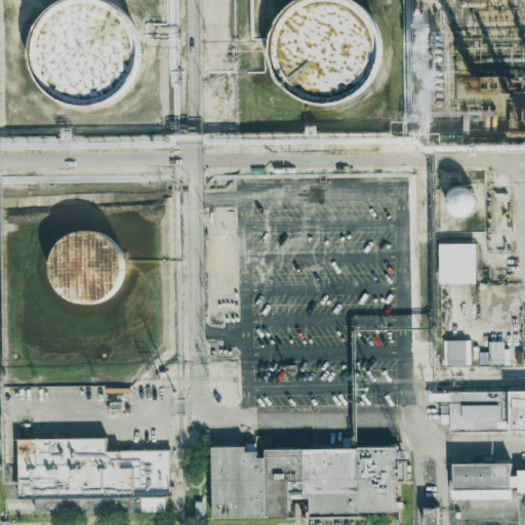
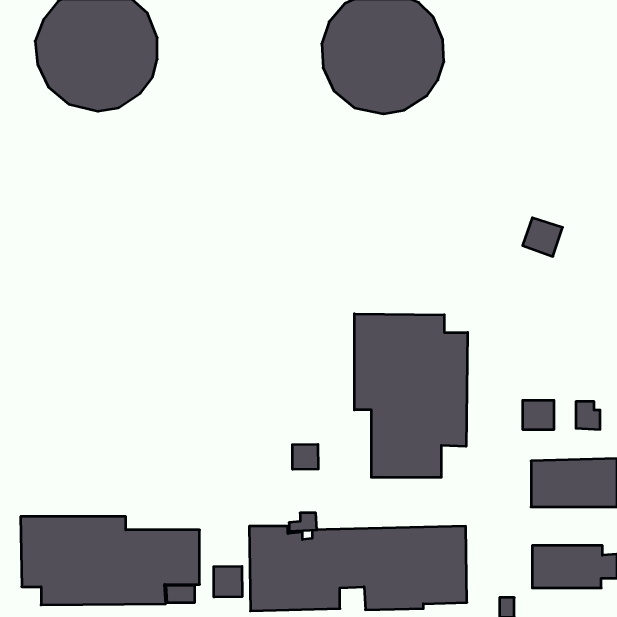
building: [49,228,126,304] -> none
building: [439,242,476,283] -> none
building: none -> [354,314,468,477]
building: none -> [292,444,318,469]
building: none -> [214,566,242,597]

